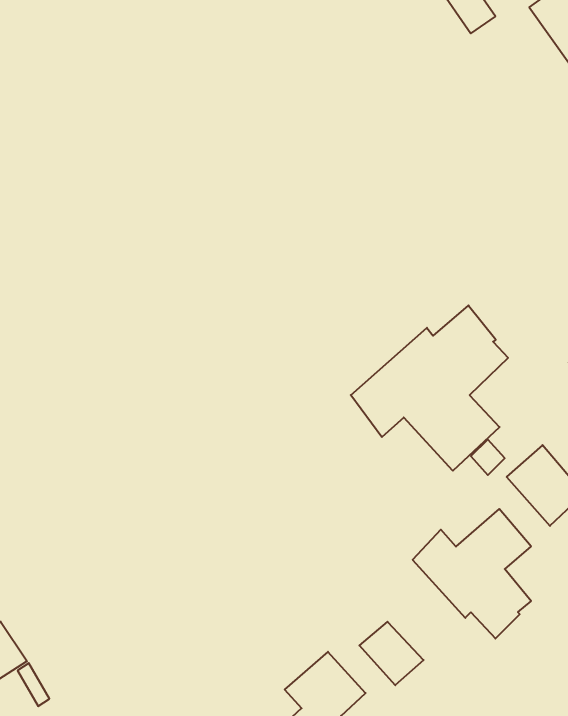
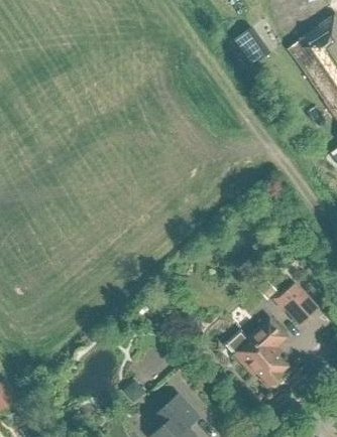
building: [351,305,508,471] -> none
building: [359,622,424,685] -> none

